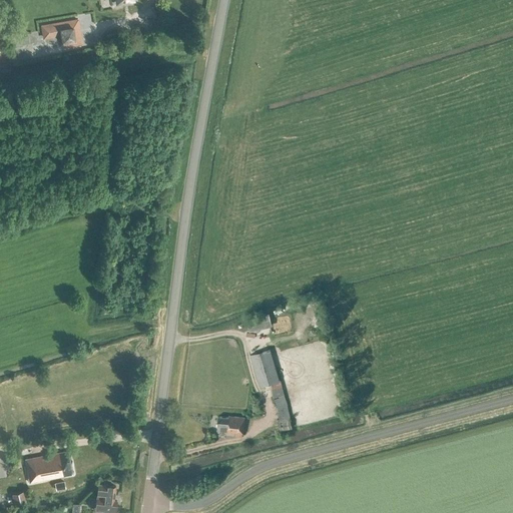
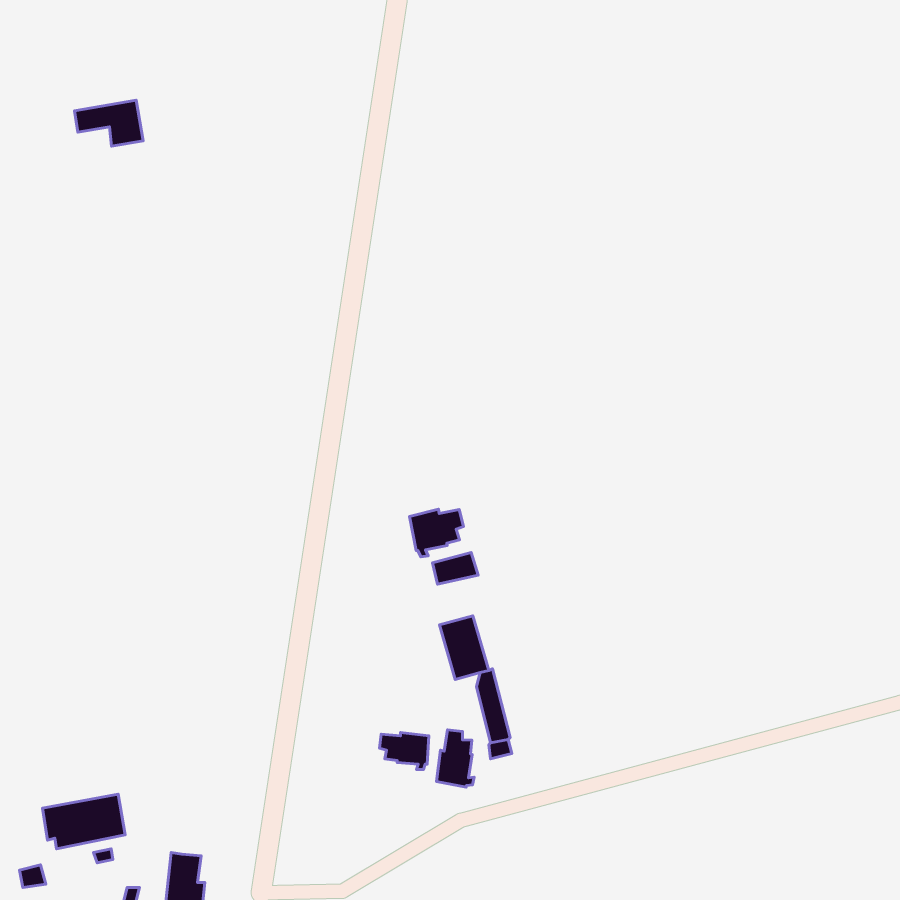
building: [41,21,80,47] -> [74,100,143,146]
building: none -> [409,509,463,557]
building: none -> [437,730,474,787]

